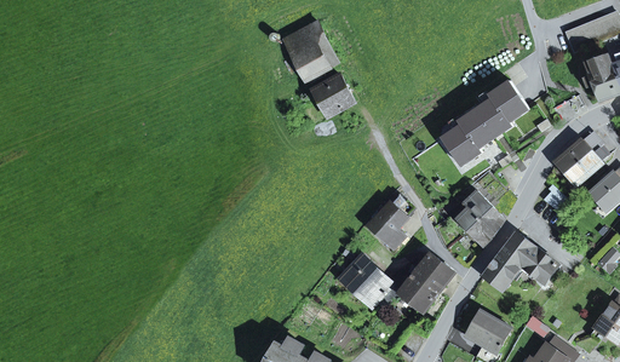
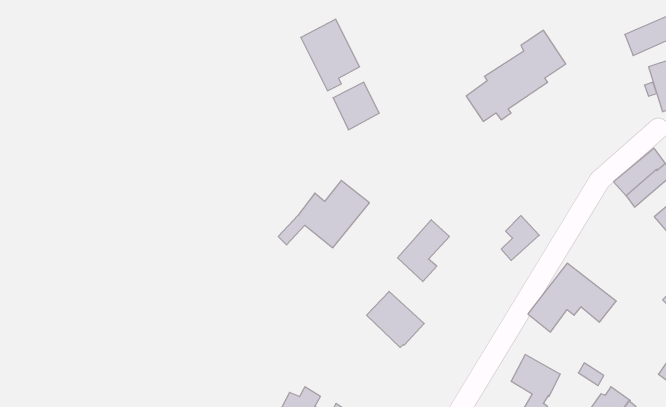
building: [441,80,527,159] -> [466,30,566,121]
building: [466,207,503,245] -> none
building: [374,253,453,311] -> [278,180,369,248]

